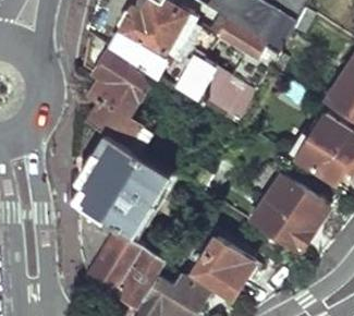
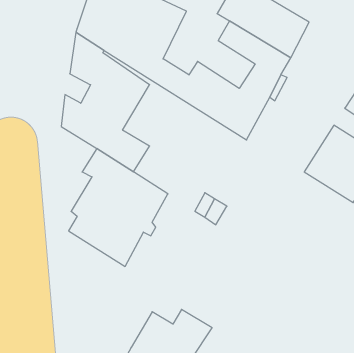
building: [252,174,321,250] -> none
building: [77,209,166,309] -> none
building: [196,239,256,295] -> none

